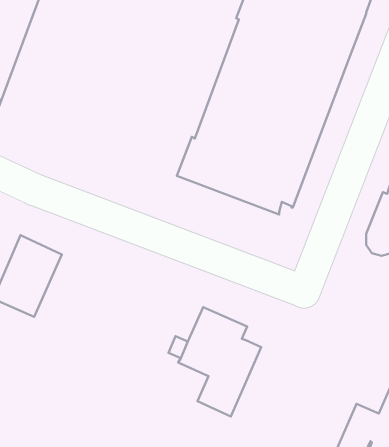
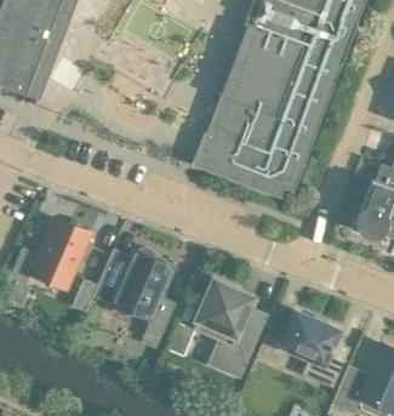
building: none -> [97,247,175,332]
building: none -> [279,310,349,388]

